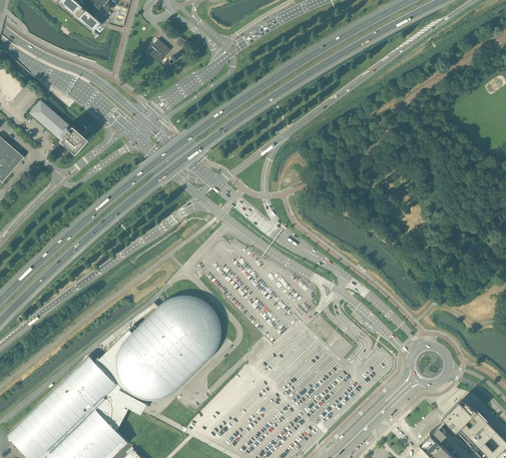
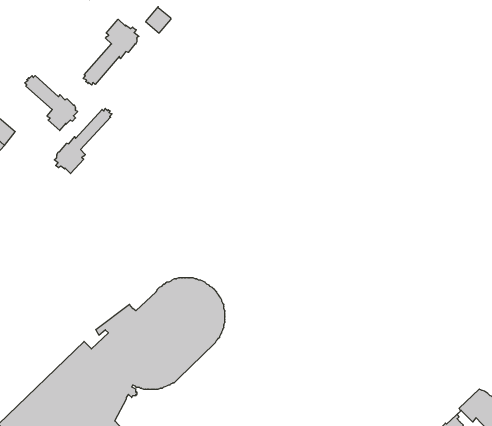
building: none -> [83,19,139,85]
building: none -> [54,108,112,174]

